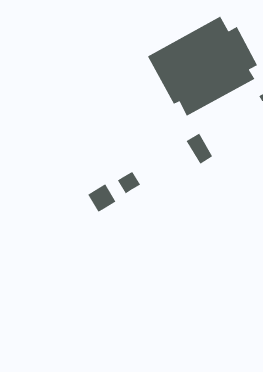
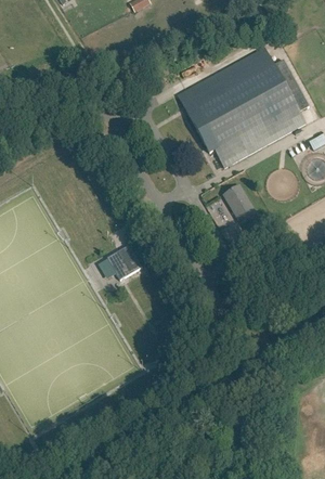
building: [117,171,141,194] -> none

